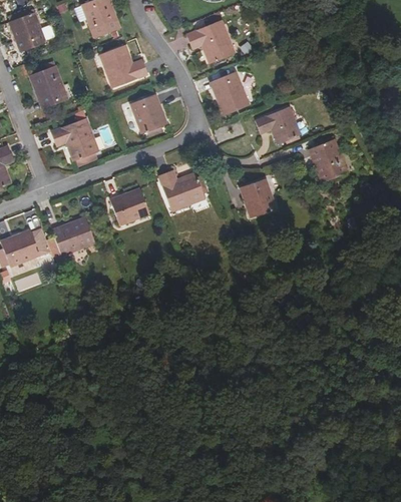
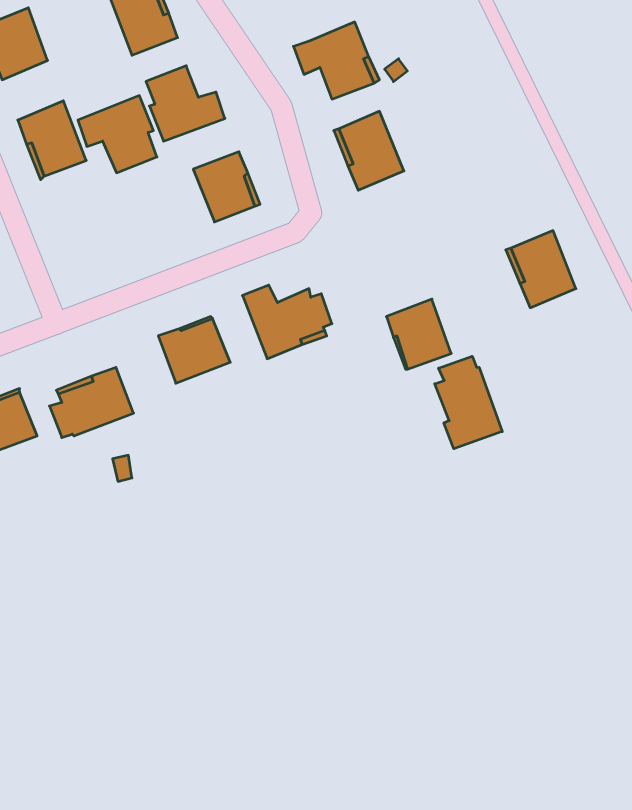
building: [255,106,302,144] -> none
building: [51,117,96,161] -> [78,96,157,173]
building: none -> [435,356,502,449]

